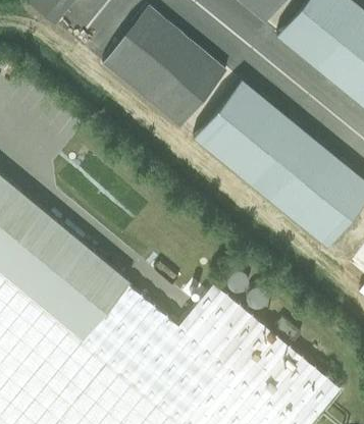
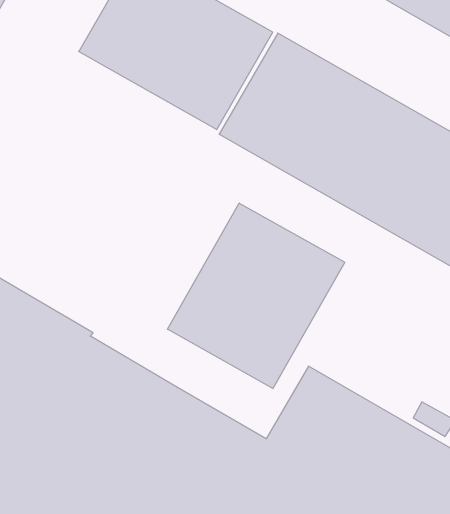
building: none -> [167,203,345,389]

